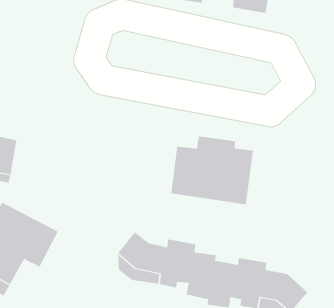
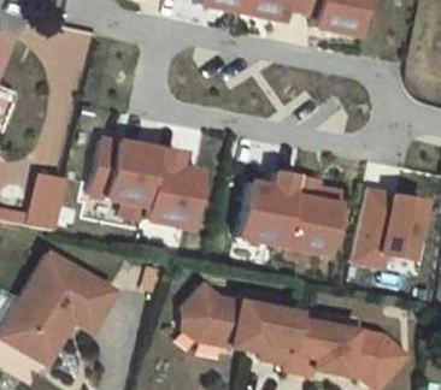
building: none -> [98,138,204,225]
building: none -> [358,188,425,264]

